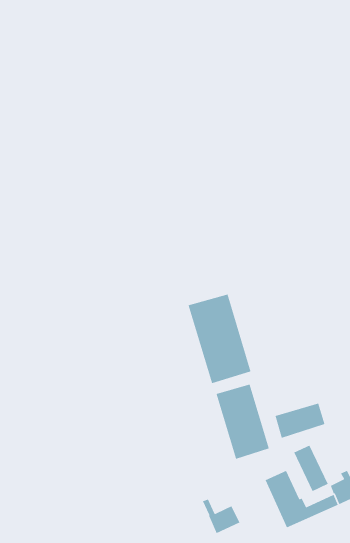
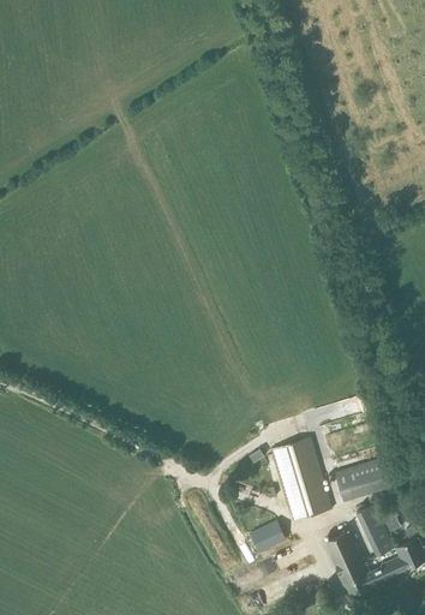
building: [187,293,251,384] -> none
building: [202,499,241,534] -> [245,514,287,553]

